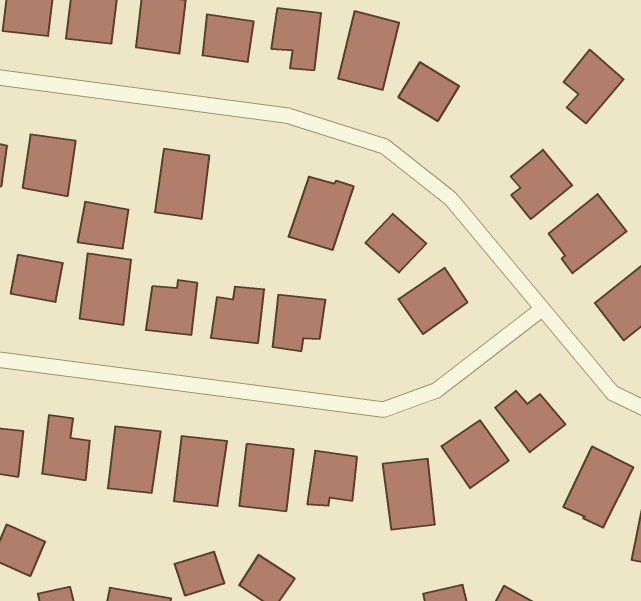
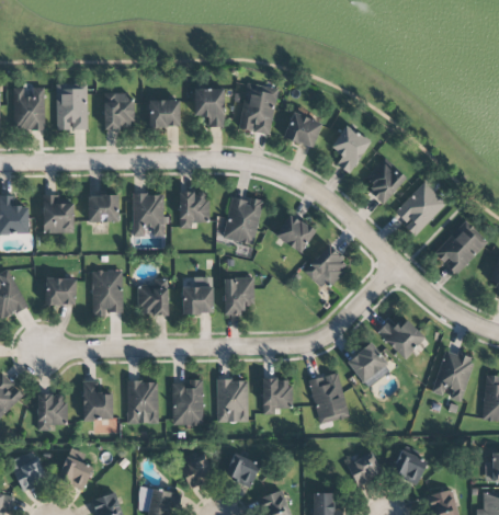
building: [564,50,624,123] -> [331,124,371,173]
building: none -> [179,191,208,228]
building: [78,202,129,249] -> [88,194,118,221]

